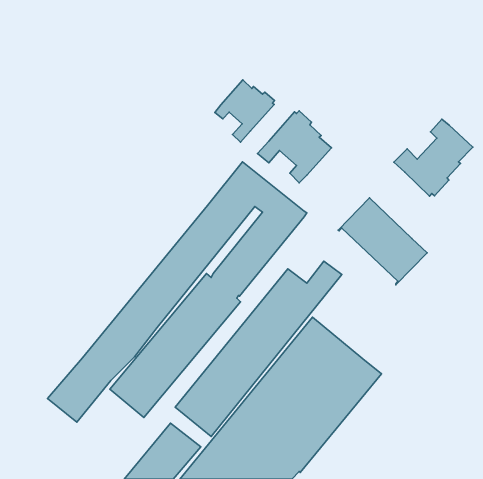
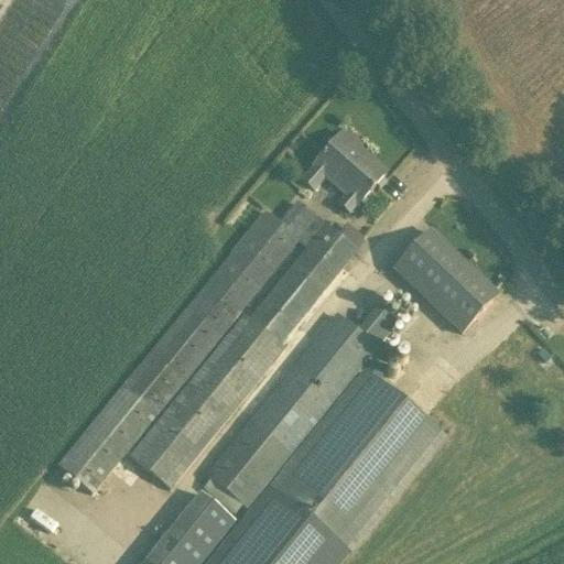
building: [215,80,275,142] -> none
building: [394,119,473,196] -> none

